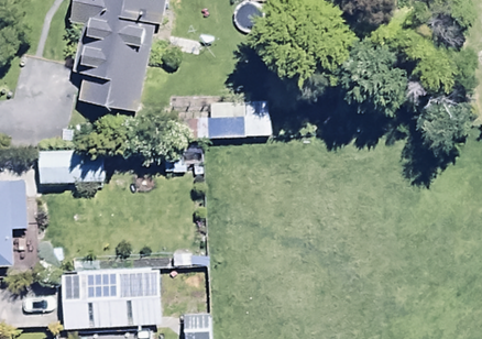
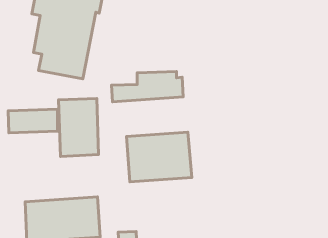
building: none -> [59,98,99,157]
building: none -> [127,132,192,182]

